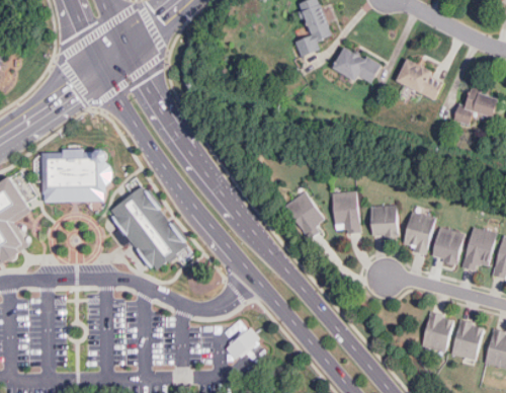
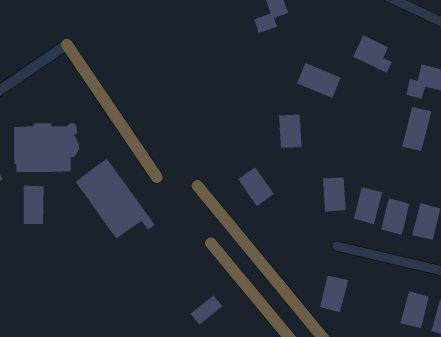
building: [337,46,385,84] -> [296,62,342,99]
building: none -> [401,106,432,152]
building: [331,194,356,230] -> [278,114,303,148]
building: none -> [23,185,44,225]
building: [420,316,451,356] -> [319,275,349,313]

